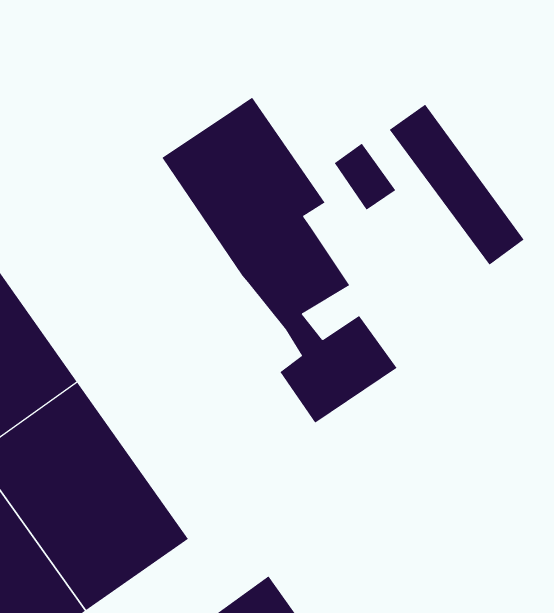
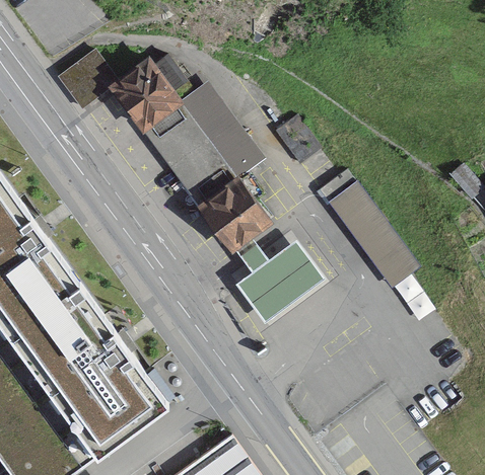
building: none -> [61,48,195,126]
building: [389,104,524,265] -> [315,167,416,288]

